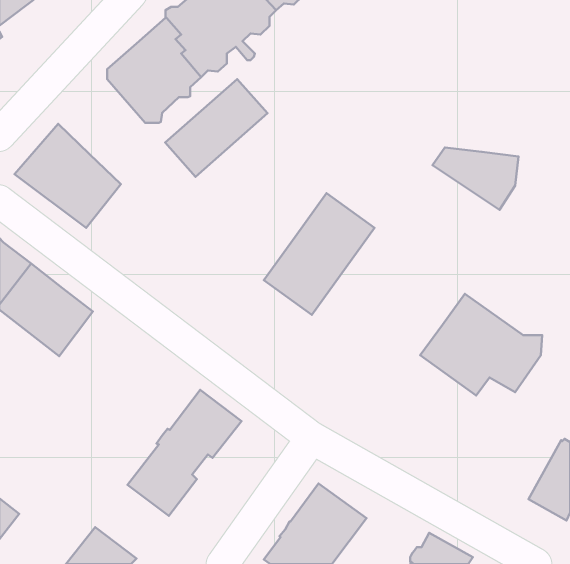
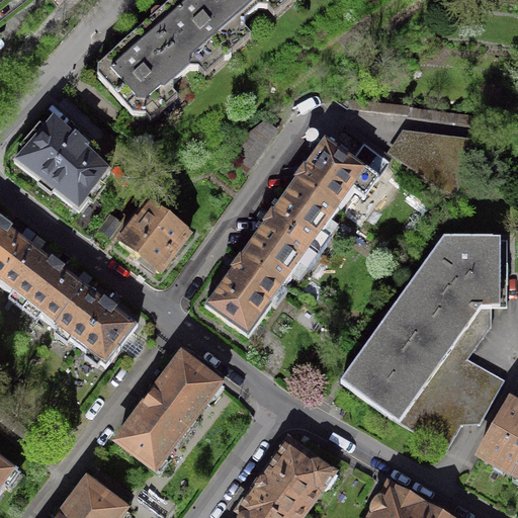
building: [165,79,267,177] -> none
building: none -> [295,135,387,206]
building: none -> [117,199,187,269]
building: none -> [421,236,507,304]
building: none -> [203,254,282,334]
building: none -> [54,282,136,362]
building: none -> [340,322,504,445]

